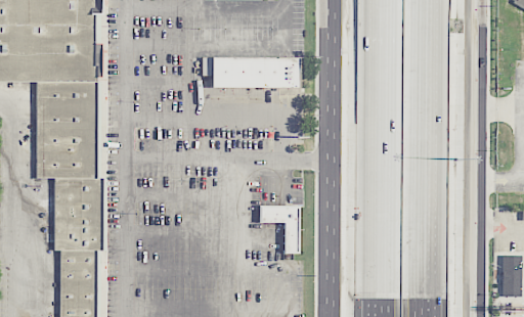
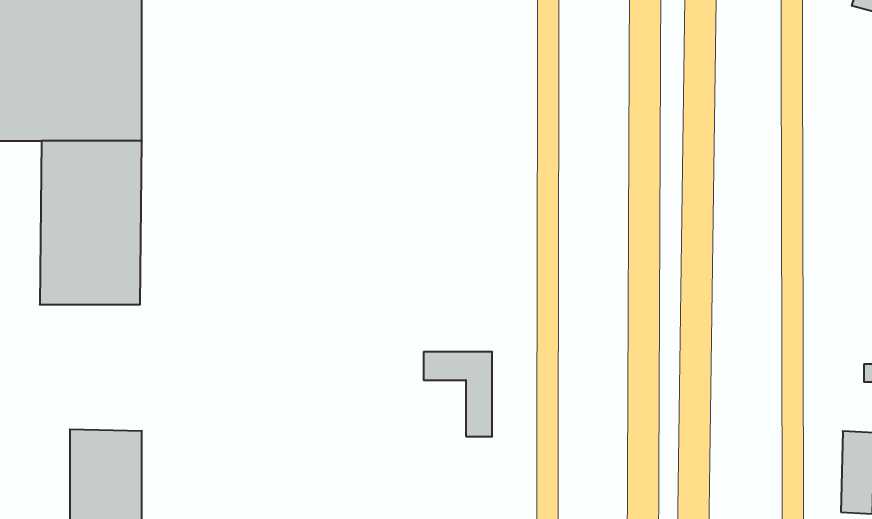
building: [202,58,298,87] -> none
building: [54,178,102,252] -> none

